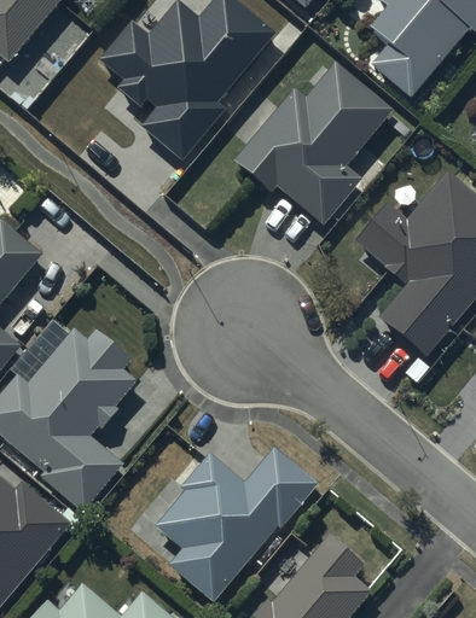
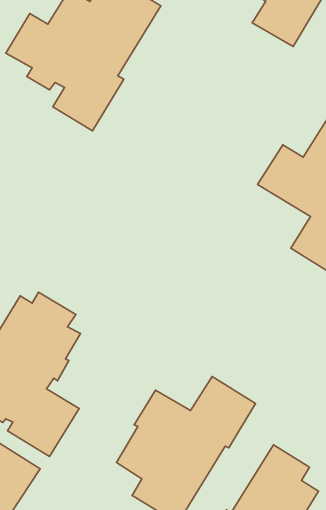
building: [232,60,393,225] -> none

